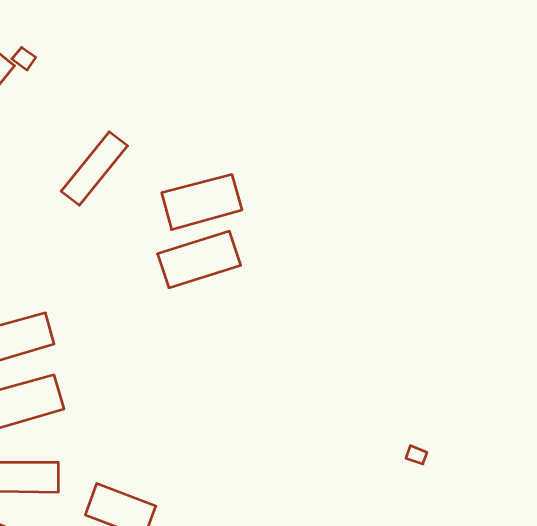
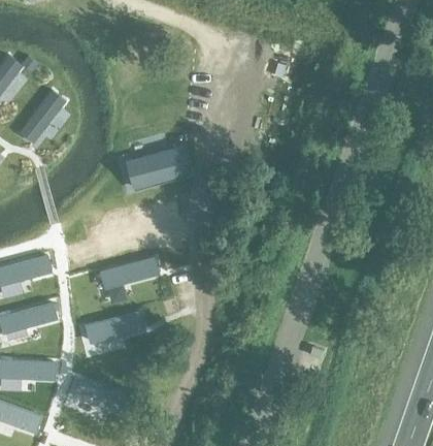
building: [61,132,128,205] -> [19,91,67,145]
building: [157,231,241,288] -> [97,251,158,292]
building: none -> [86,313,144,346]

